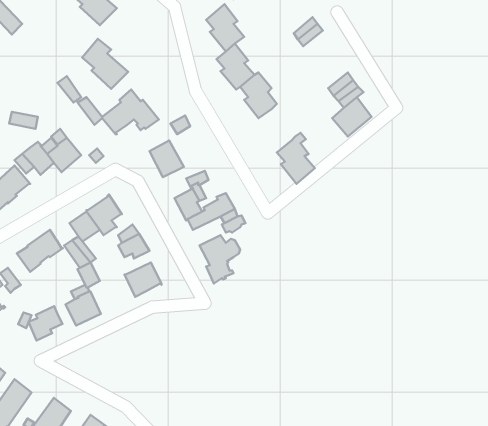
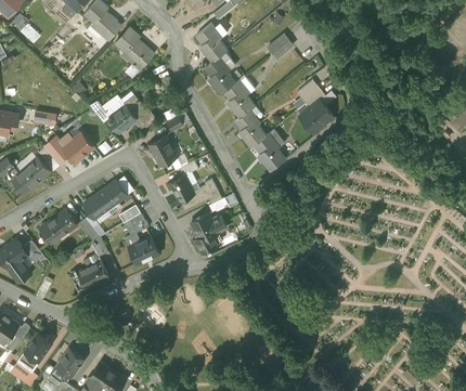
building: [82,39,128,89] -> [116,27,154,68]
building: none -> [235,109,267,147]
building: [29,306,63,341] -> none

